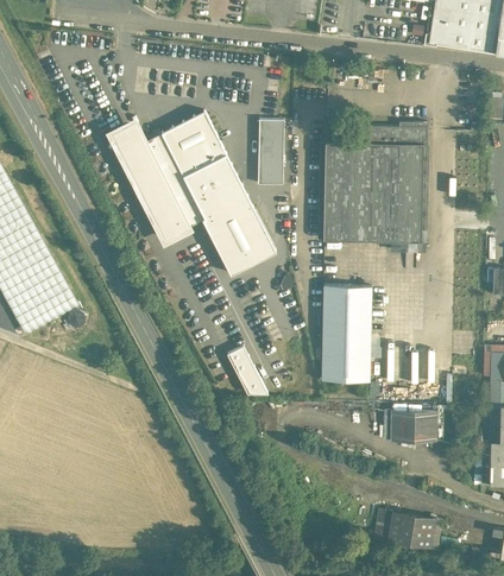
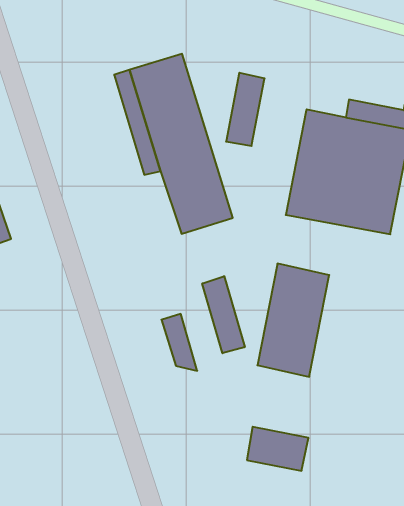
building: [109,118,189,240] -> none
building: none -> [202,276,245,353]
building: [386,410,439,442] -> [247,427,308,471]

